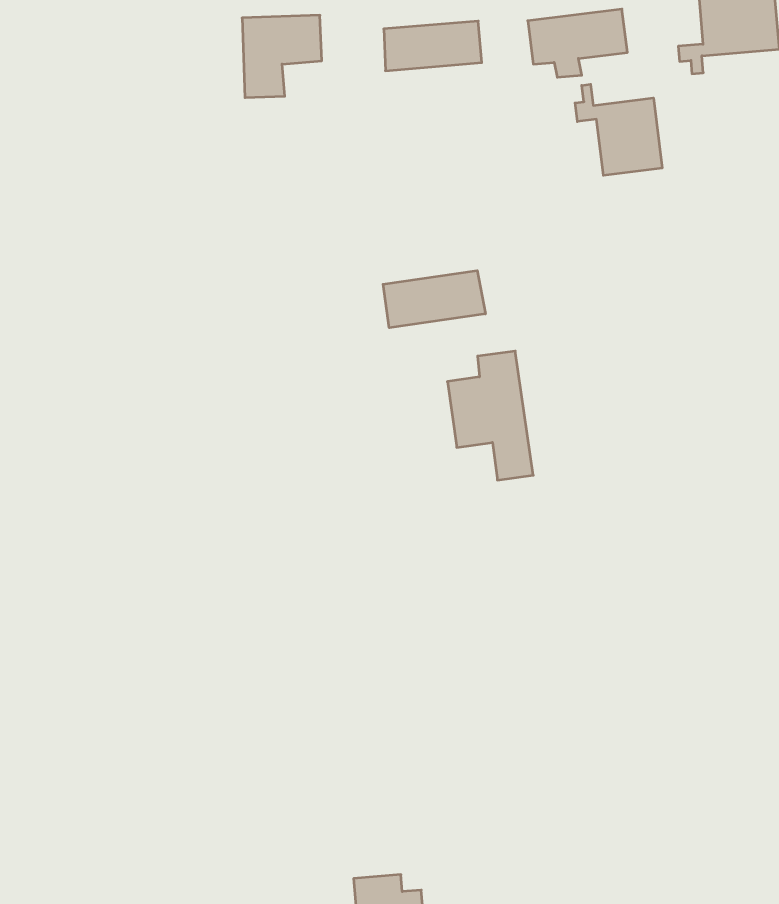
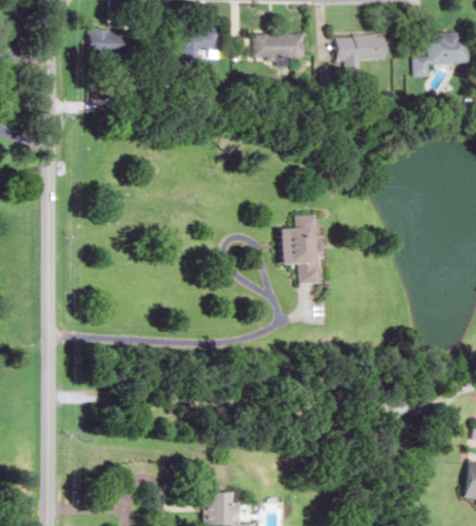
building: none -> [89,30,129,60]
building: [575,84,662,175] -> none
building: [383,271,485,328] -> none

